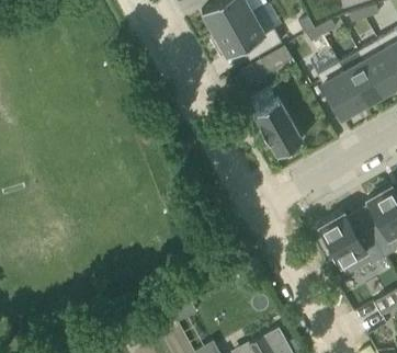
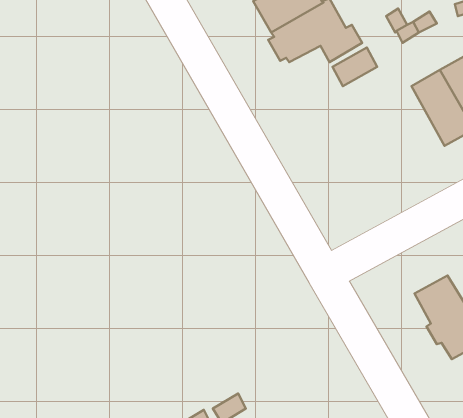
building: [254,100,303,156] -> none

